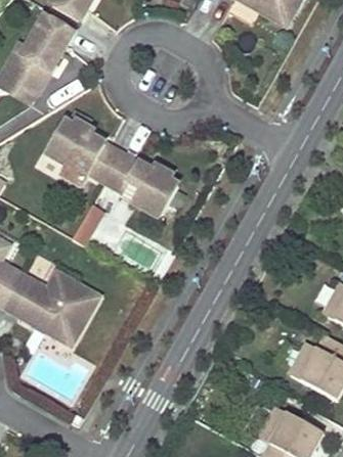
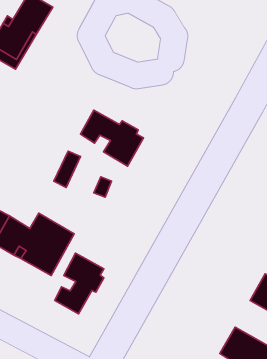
building: [44,122,119,182] -> none
building: none -> [55,253,104,314]

